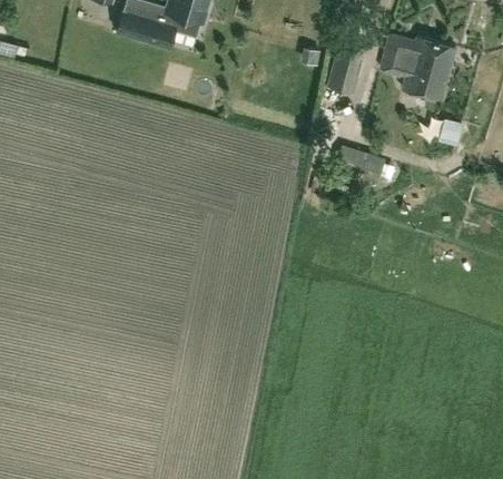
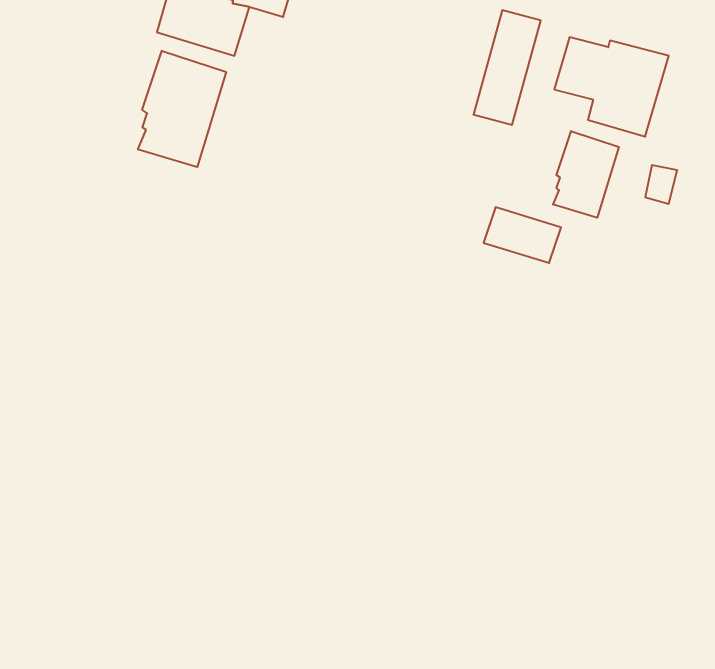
building: none -> [138,51,226,167]
building: none -> [553,131,619,218]

